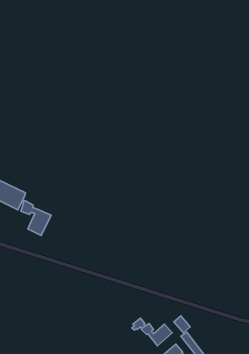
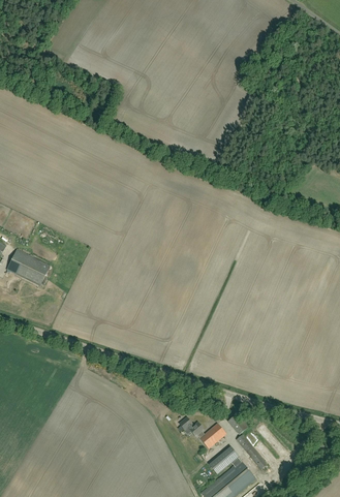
building: [21,201,51,236] -> none

